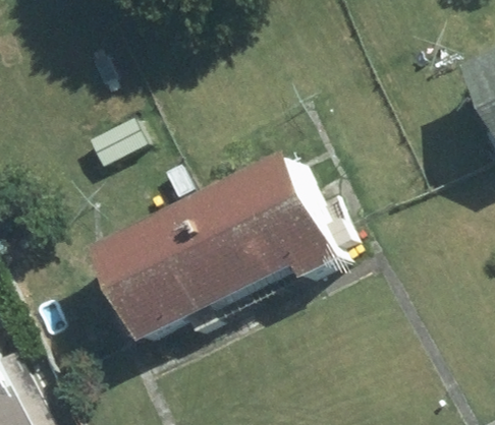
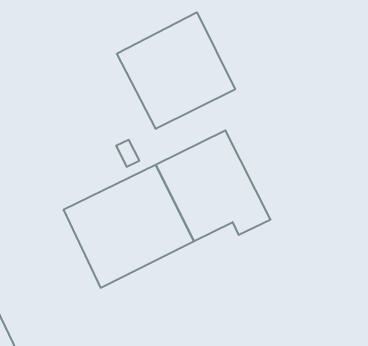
building: none -> [117,12,235,129]

